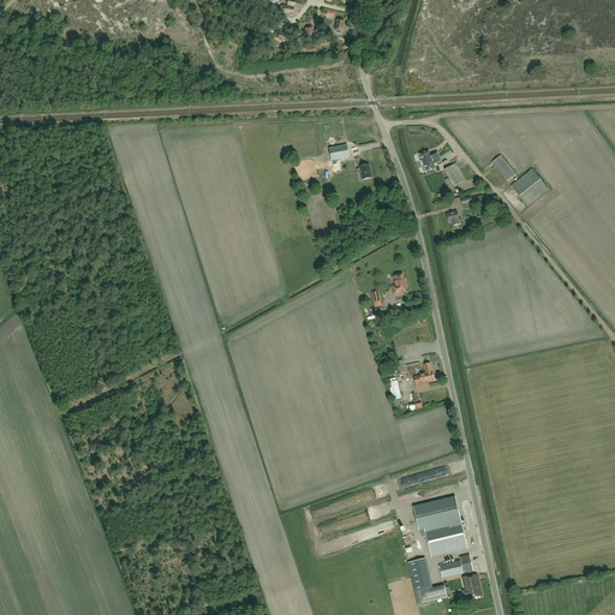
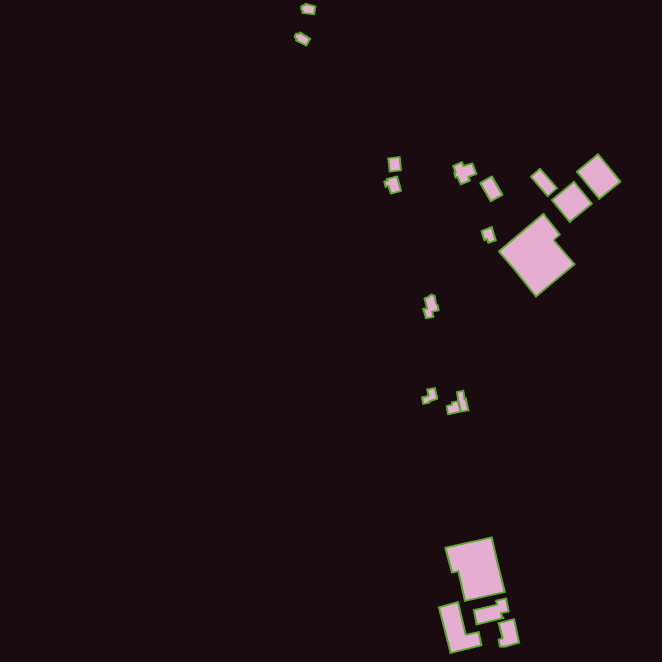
building: none -> [577,154,620,199]
building: none -> [499,214,575,297]

